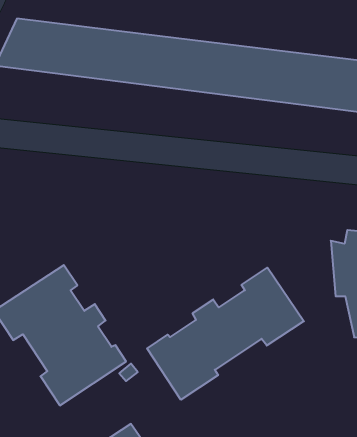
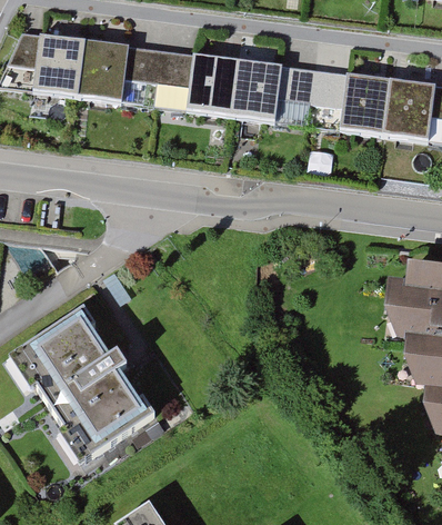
building: [147,268,304,400] -> none

